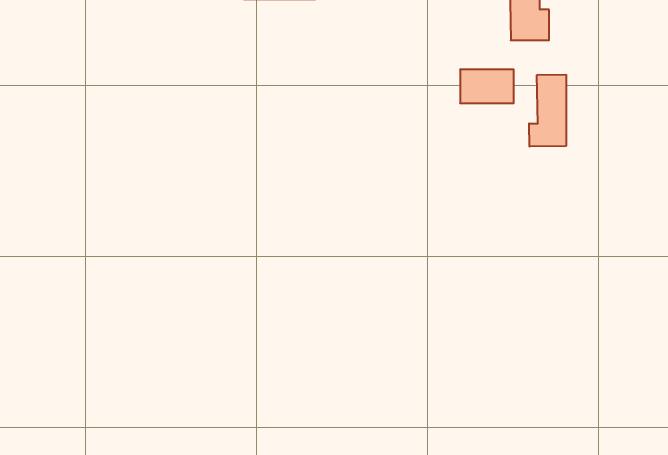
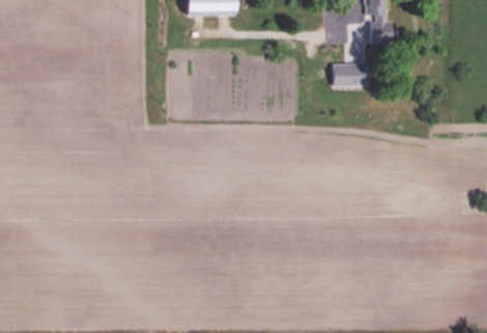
building: [529,75,566,147] -> none

